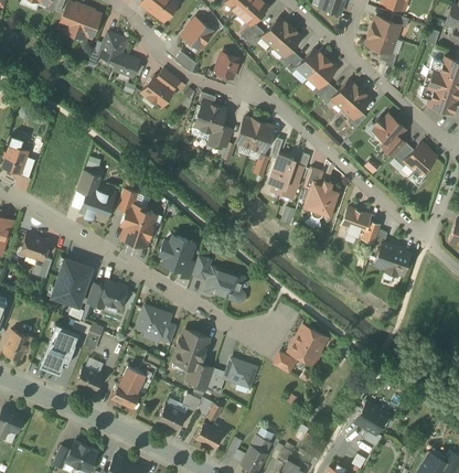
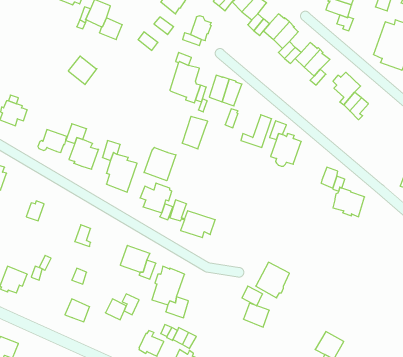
building: [142,75,174,107] -> [68,56,97,85]
building: [405,142,436,173] -> none
building: [268,150,297,186] -> [182,116,208,149]
building: none -> [144,147,176,181]
building: [343,207,371,235] -> none
building: [18,235,50,260] -> [38,130,67,152]
building: [50,257,95,308] -> none
building: [100,282,128,309] -> none
building: [38,342,72,376] -> none
building: [226,359,255,386] -> [243,303,269,327]
building: [113,381,141,408] -> none

